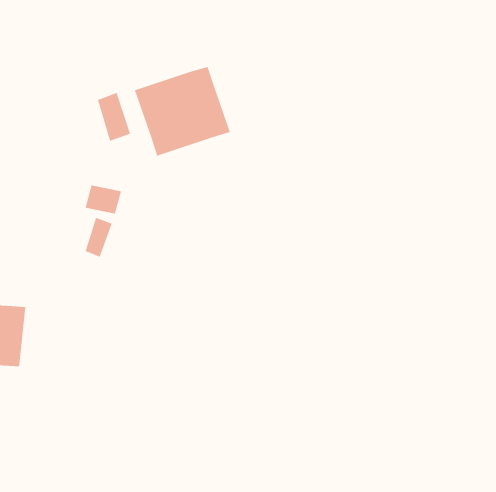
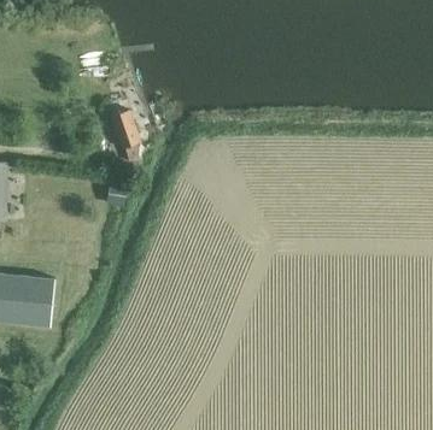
building: [134,66,231,156] -> none

